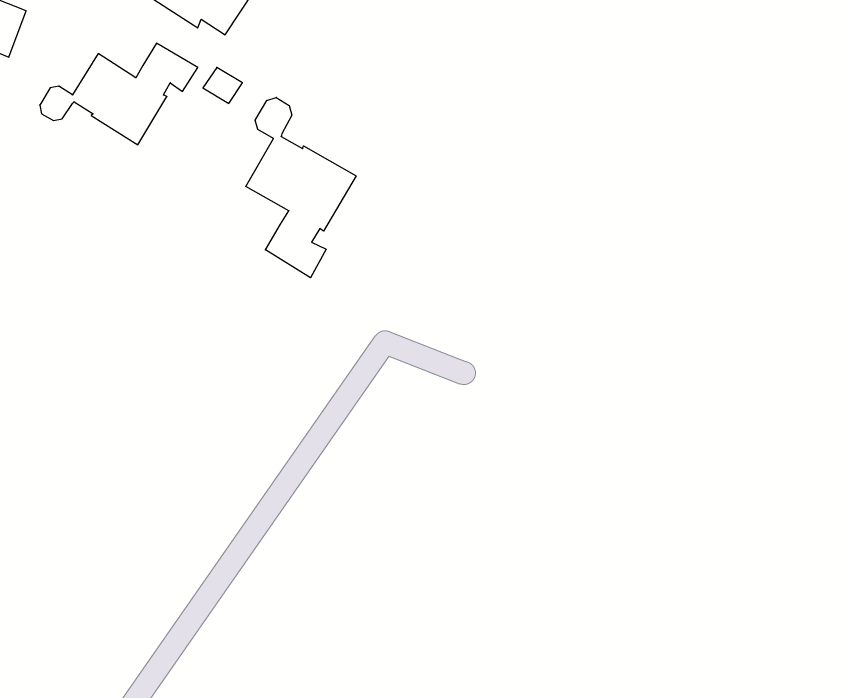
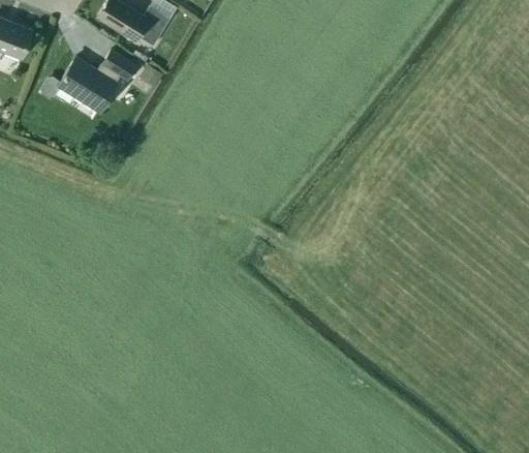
building: [246,97,356,278] -> none

